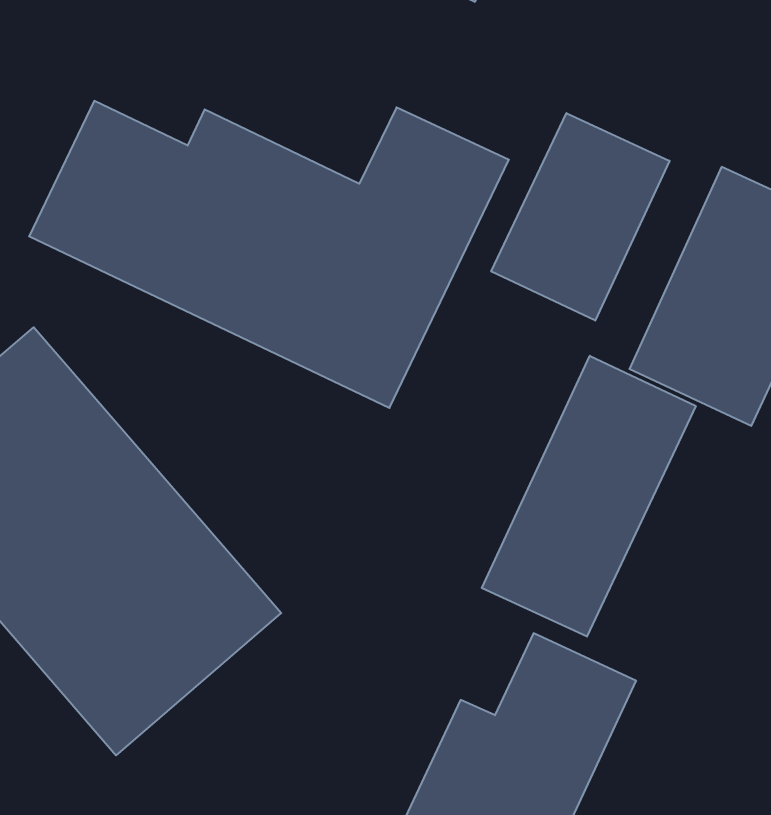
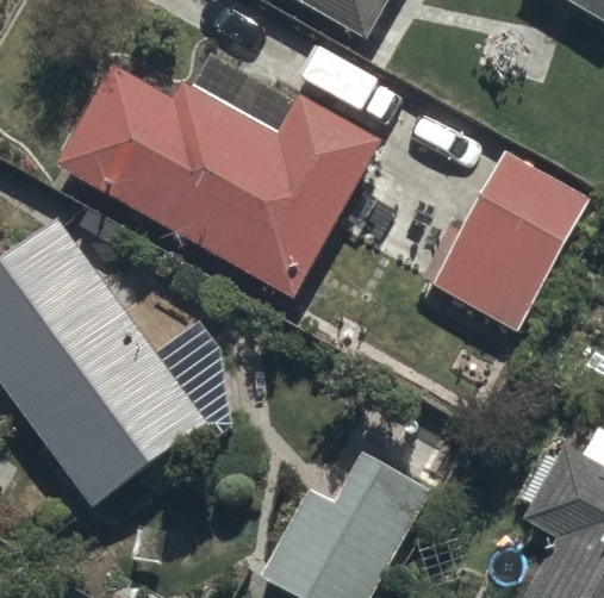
building: [491,113,670,321] -> none
building: [482,356,696,637] -> none

